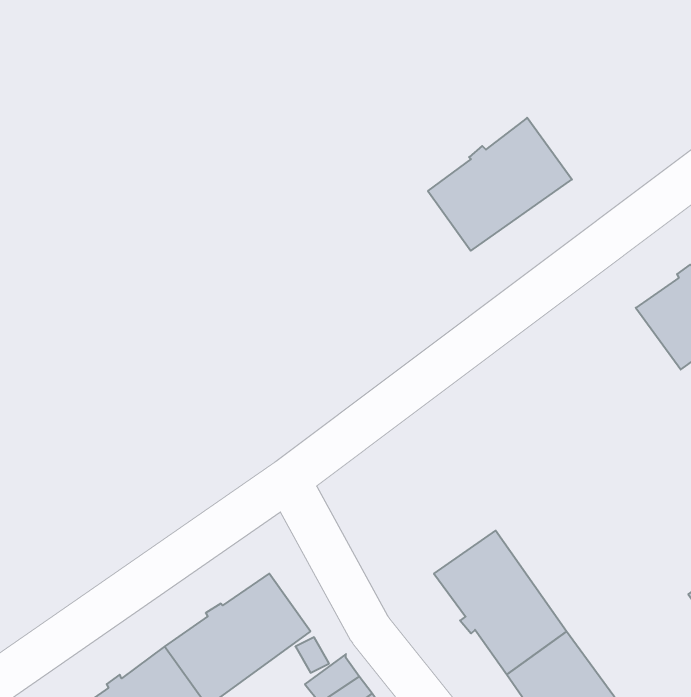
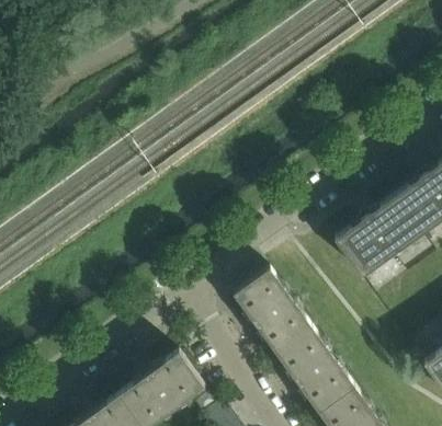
building: [428,118,572,251] -> [337,197,421,275]
building: none -> [235,269,313,353]

